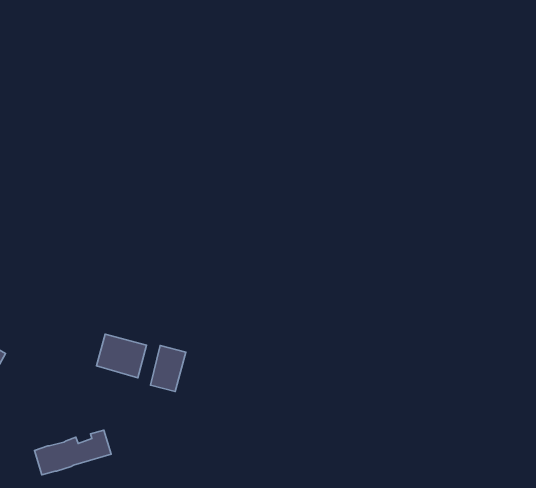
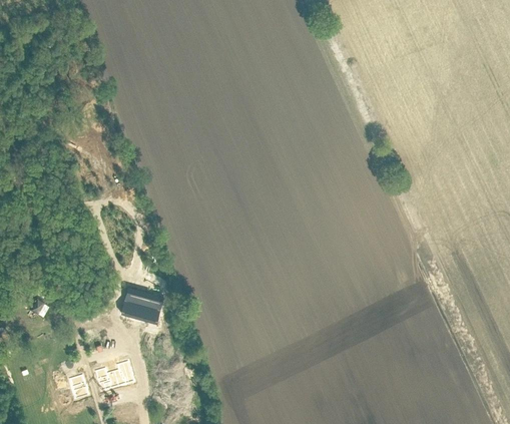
building: [151,345,186,392] -> none

